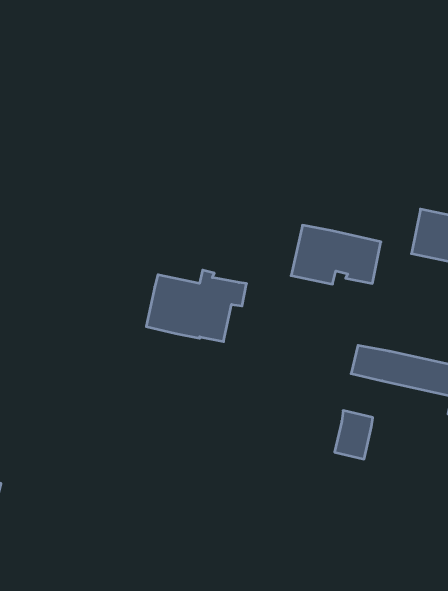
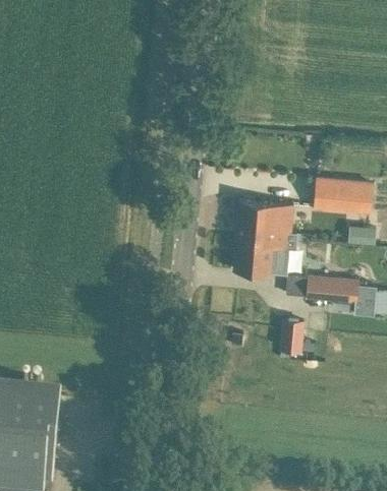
building: [146,270,247,342] -> [232,227,295,272]

